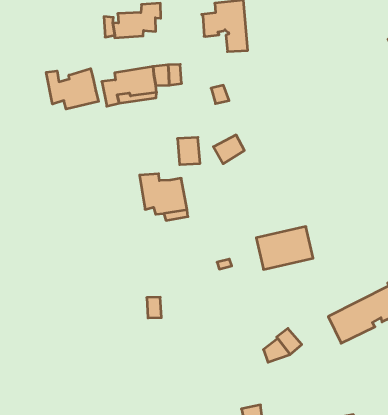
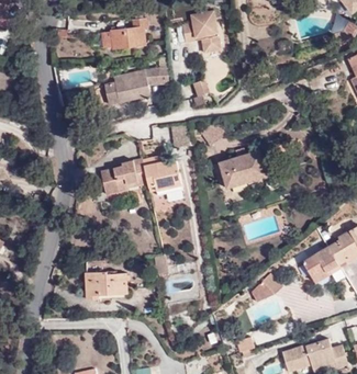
building: [46,69,99,109] -> none
building: none -> [99,159,146,194]
building: [256,227,313,269] -> [219,150,266,188]
building: none -> [85,271,126,299]

